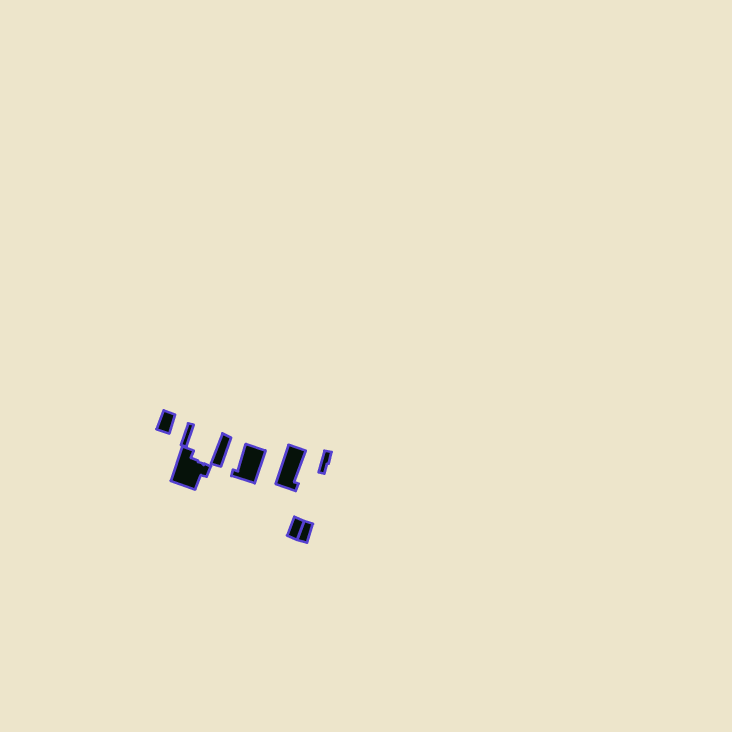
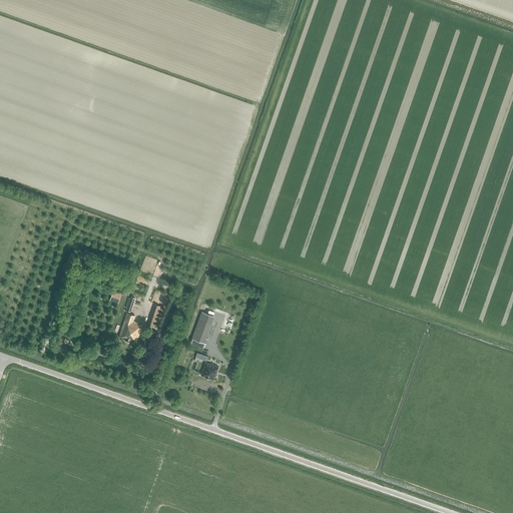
building: [231,444,265,483] -> none

